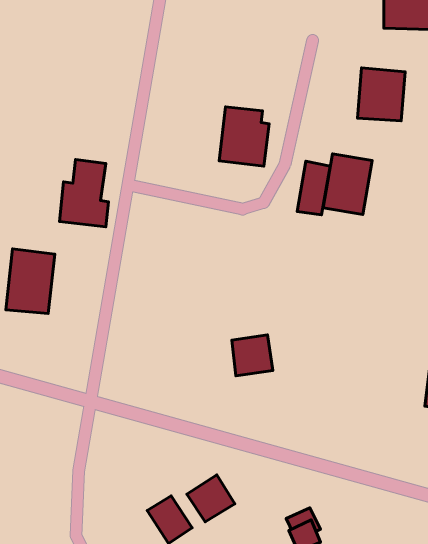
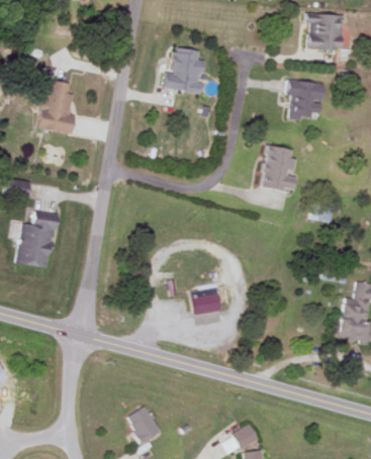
building: [219,107,269,166] -> [166,47,204,93]
building: [60,159,109,227] -> [37,82,75,133]
building: [297,161,330,215] -> none
building: [187,475,235,522] -> none

